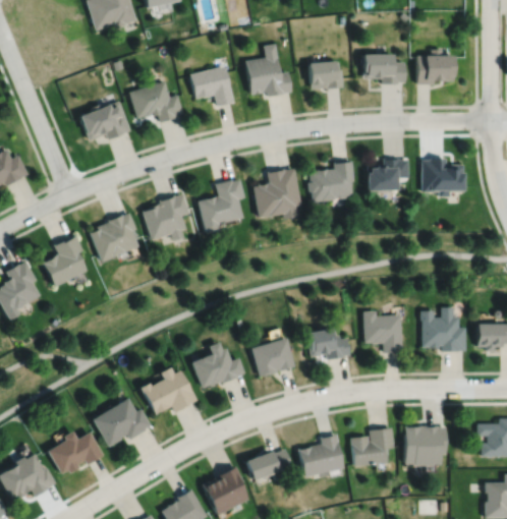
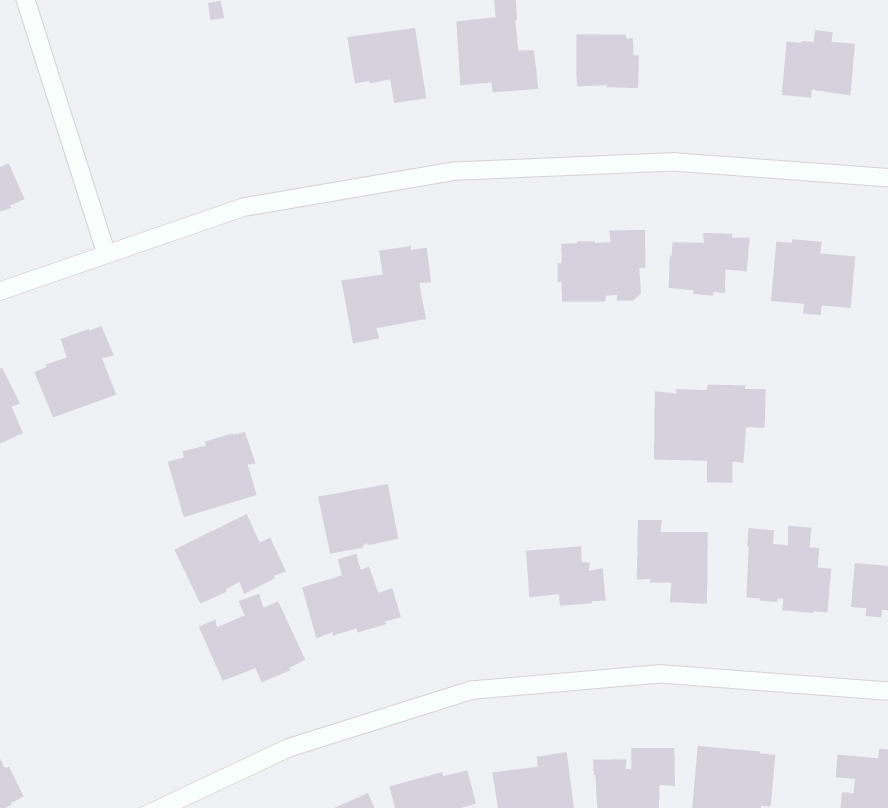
building: [362,52,405,83] -> none
building: [127,80,182,121] -> none
building: [76,101,129,140] -> none
building: [254,168,301,218] -> none
building: [140,193,189,240] -> none
building: [89,213,137,261] -> [167,432,257,518]
building: none -> [653,384,766,484]
building: [249,338,294,378] -> [317,483,399,554]
building: [90,398,150,448] -> [174,513,287,605]
building: [48,431,104,474] -> none

